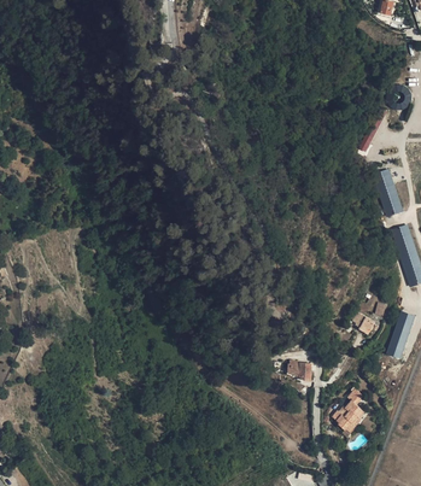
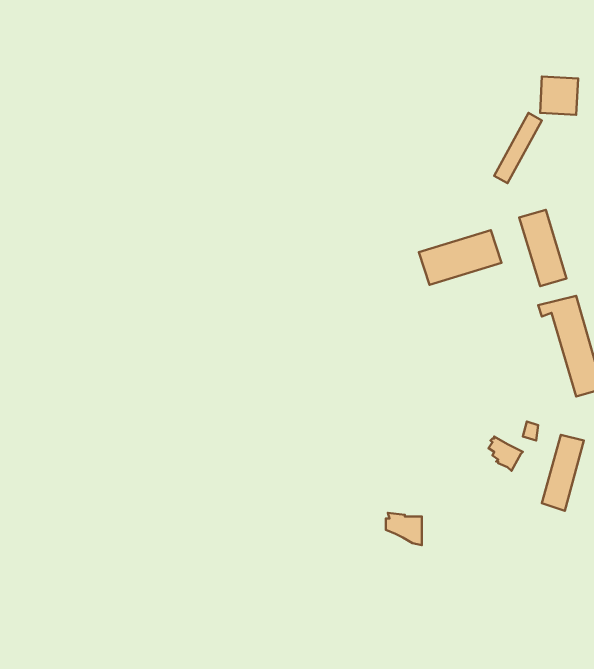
building: none -> [419,230,501,285]
building: [332,388,363,433] -> none

